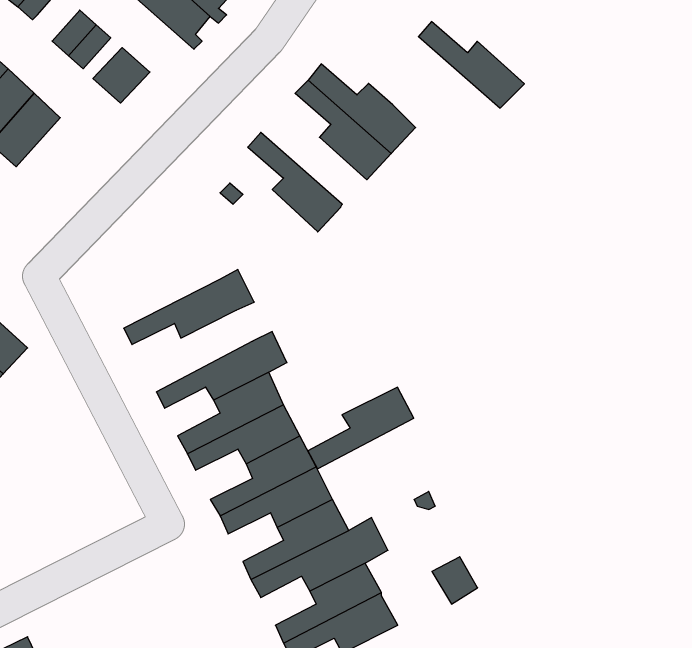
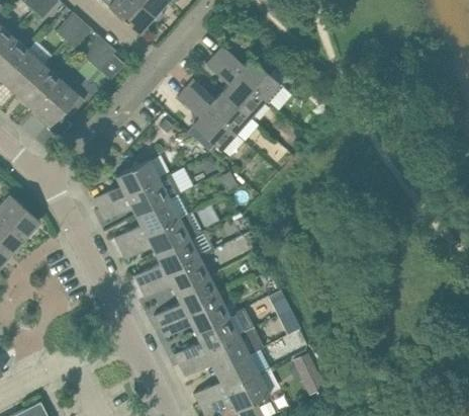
building: [418,22,524,108] -> [185,79,251,133]
building: none -> [33,79,85,124]
building: none -> [94,158,160,210]
building: [308,387,414,469] -> [114,198,180,249]

